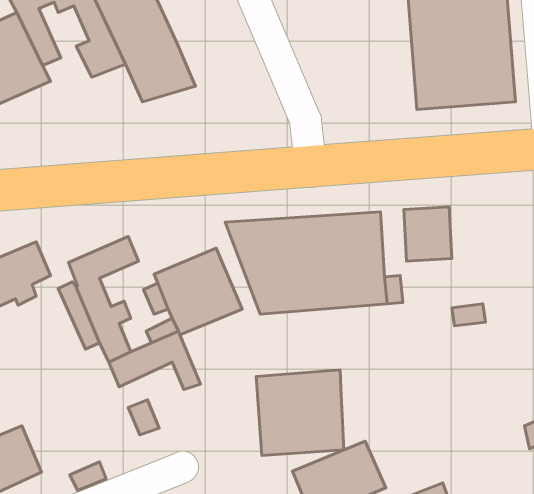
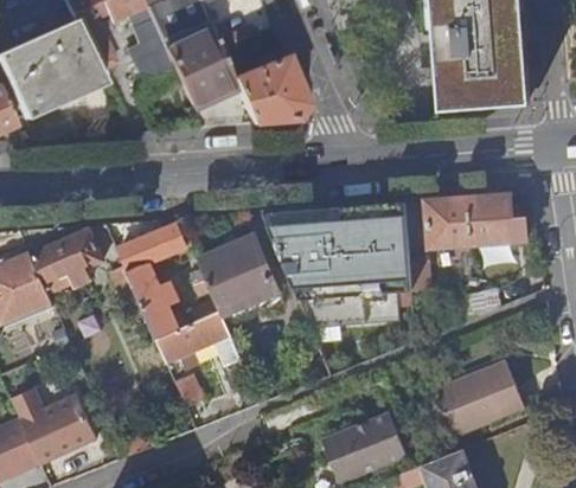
building: none -> [232,57,305,124]
building: none -> [468,193,513,244]
building: [256,370,344,456] -> none
building: none -> [437,360,524,435]

